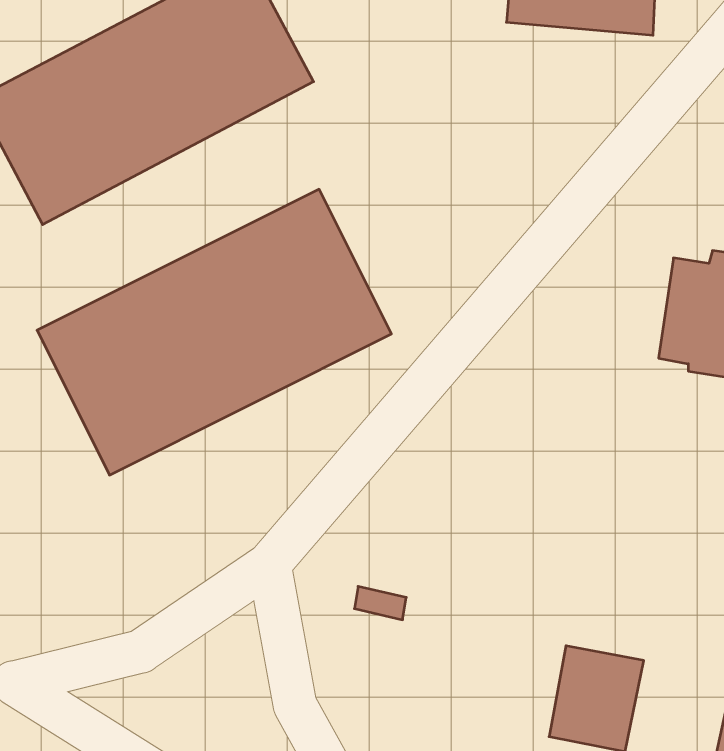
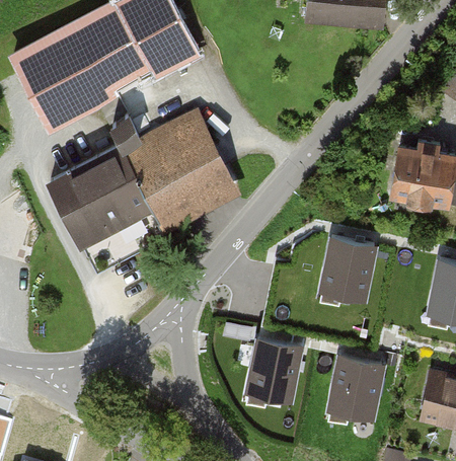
building: none -> [321,239,373,297]
building: none -> [248,340,299,397]

